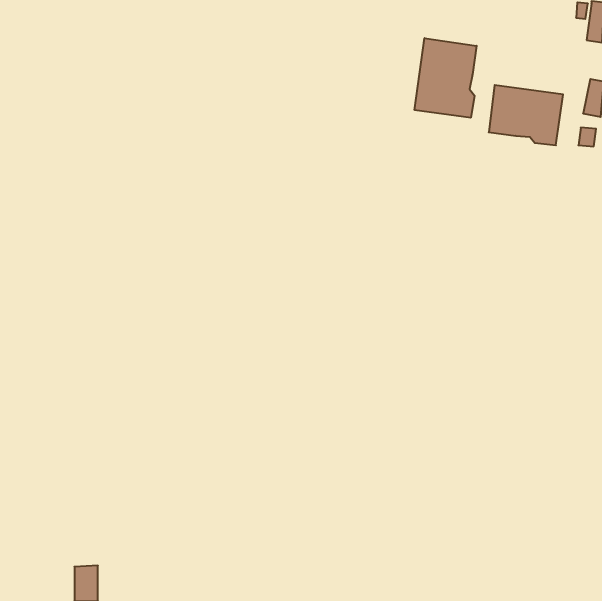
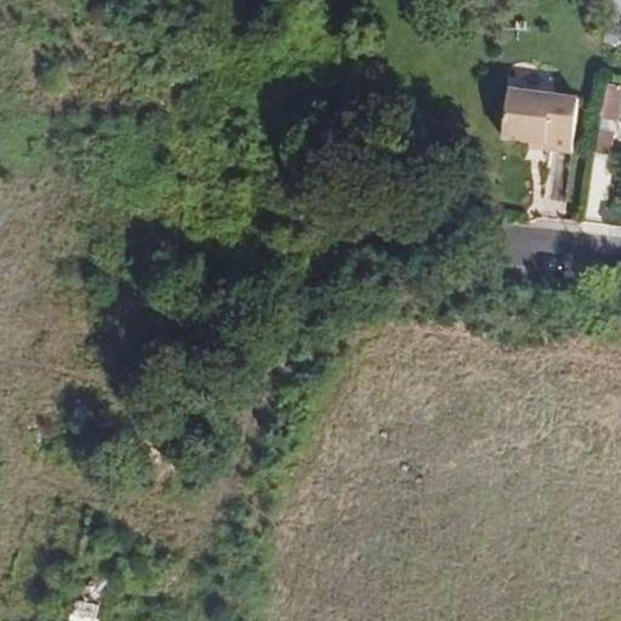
building: [415,38,477,118] -> none

